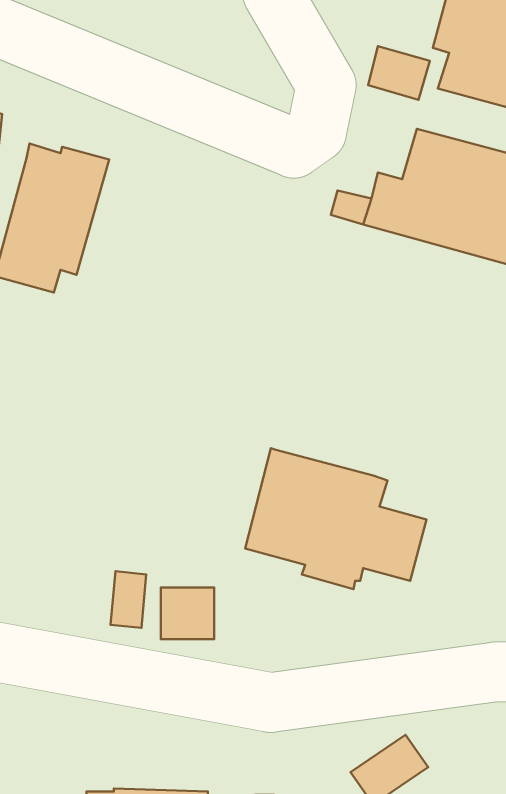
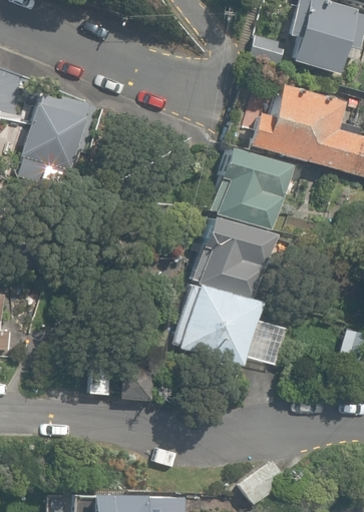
building: none -> [212,146,290,228]
building: none -> [193,217,271,300]

